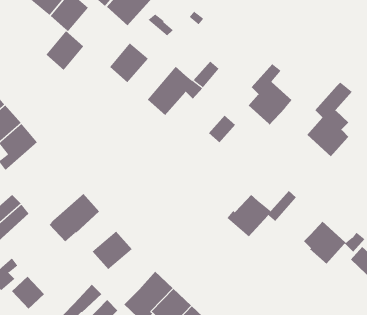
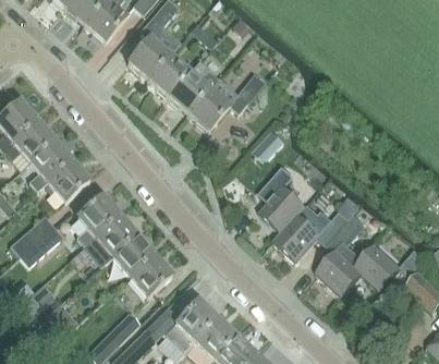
building: [45,30,84,71] -> [129,36,170,80]
building: none -> [168,61,219,114]
building: [248,64,293,126] -> [259,168,307,234]
building: [306,82,352,157] -> [317,215,366,295]
building: none -> [37,160,89,202]
building: none -> [76,195,121,246]
building: none -> [113,234,156,277]

